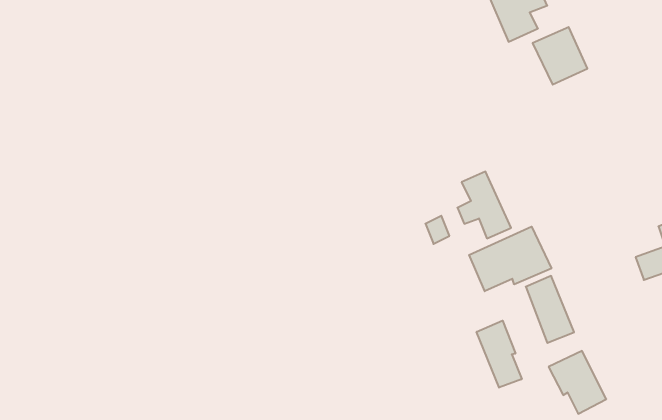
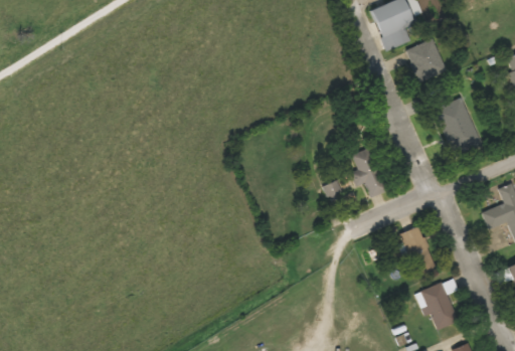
building: none -> [435,98,482,157]
building: [469,227,551,291] -> none
building: [477,321,522,388] -> none

